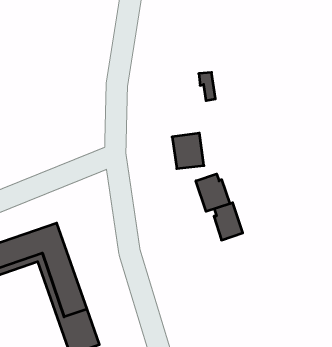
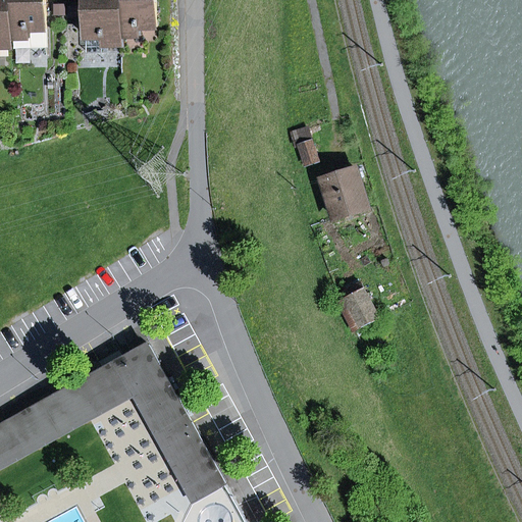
building: [172,133,204,169] -> [321,169,366,217]
building: [196,174,230,211] -> none

